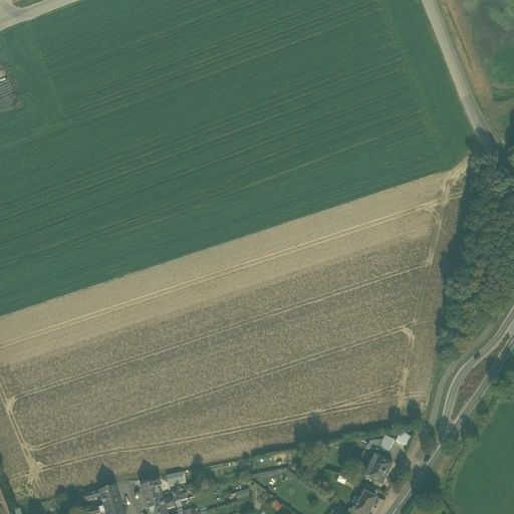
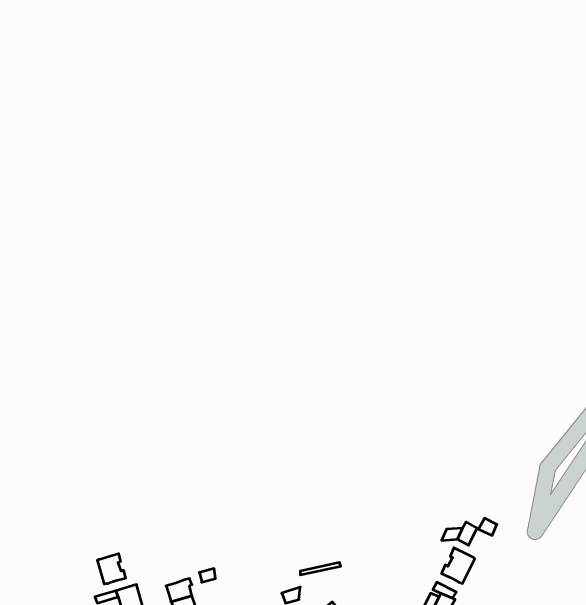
building: none -> [97,554,125,584]

